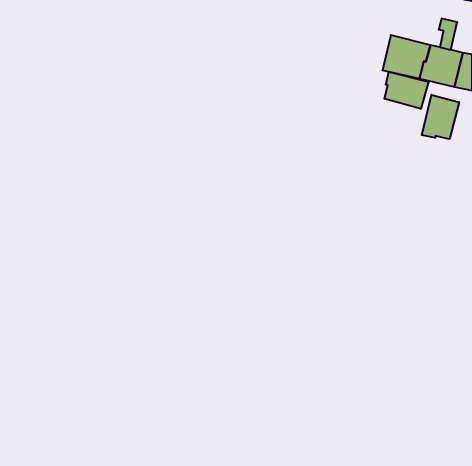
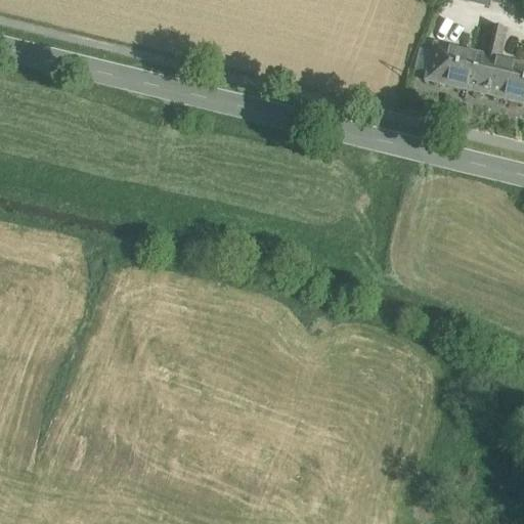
building: [384,72,428,109] -> none
building: [422,95,459,139] -> none

